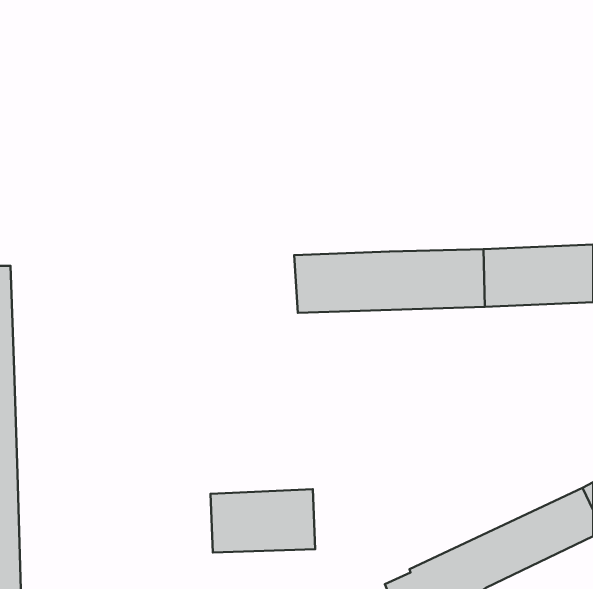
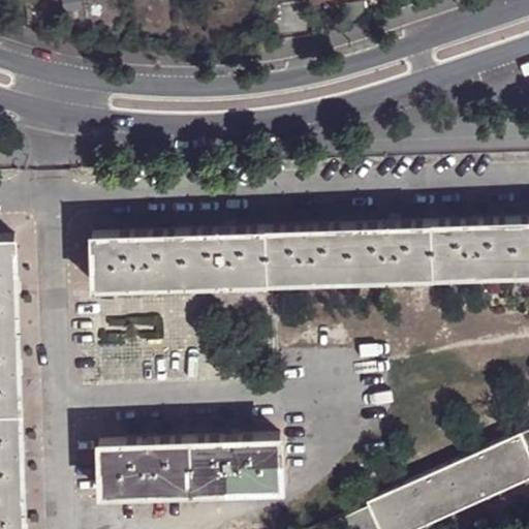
building: none -> [88,235,261,291]
building: none -> [94,444,187,500]

